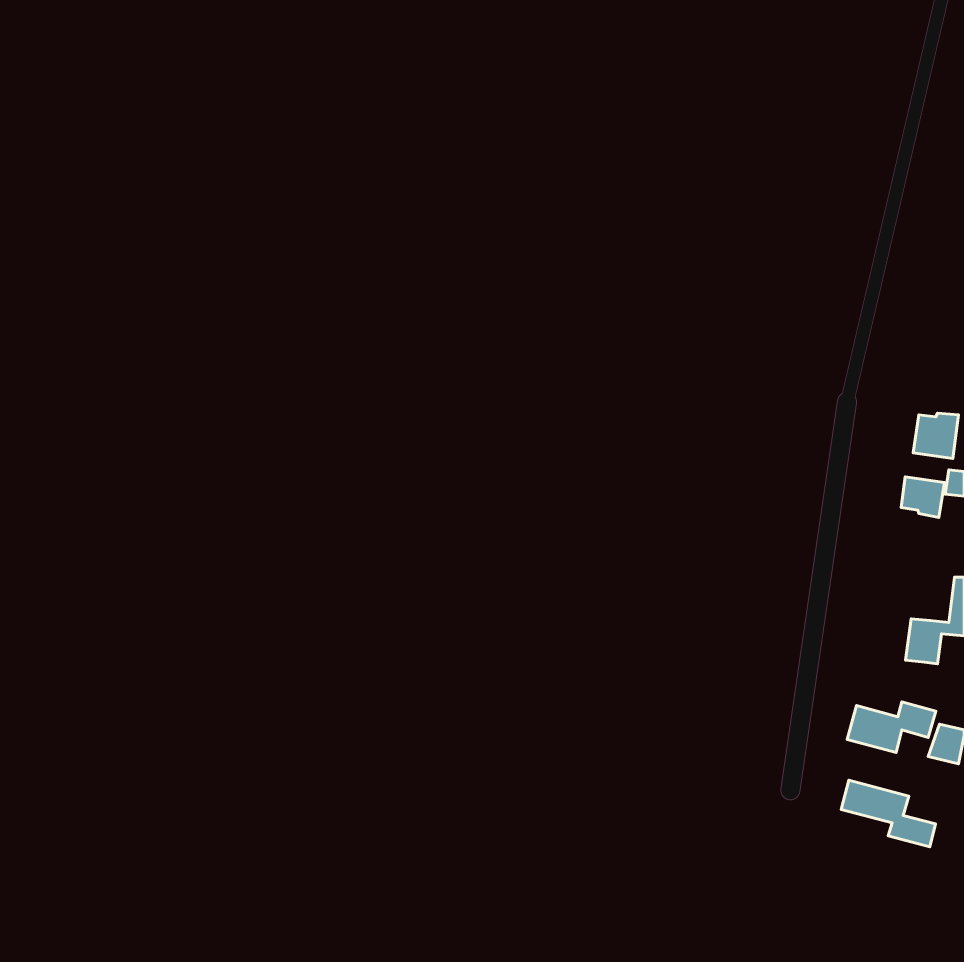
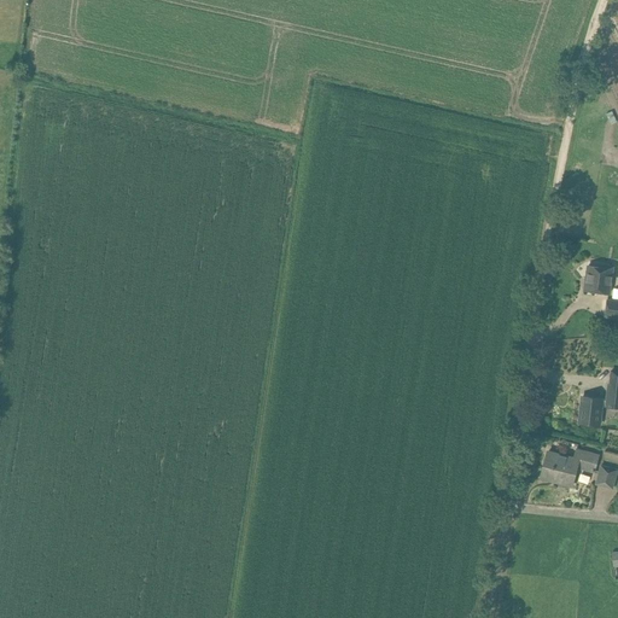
building: [901,477,944,517] -> none
building: [841,780,936,847] -> none

